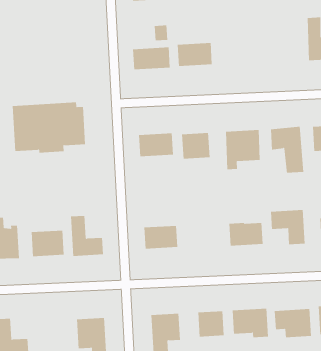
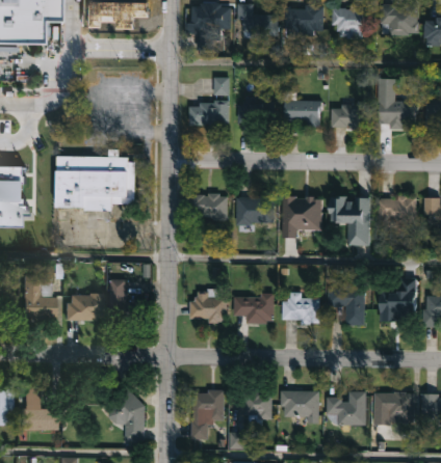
building: none -> [285,100,321,125]
building: none -> [332,105,371,127]
building: none -> [234,295,274,323]

